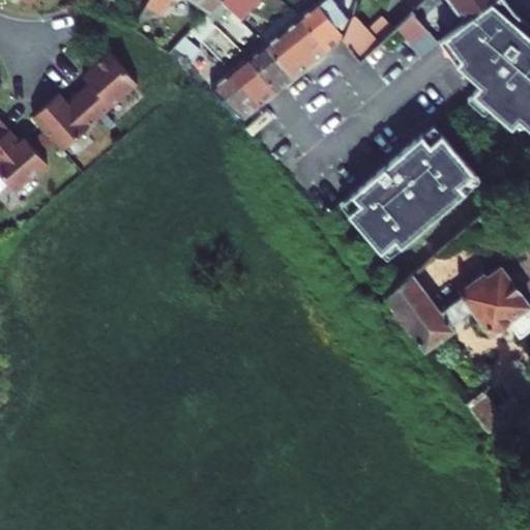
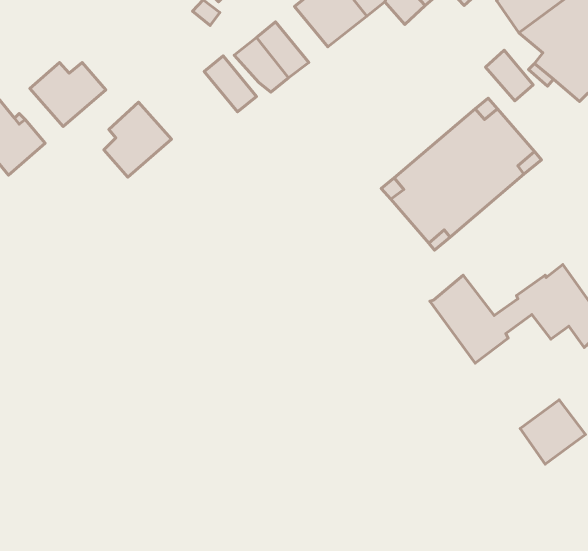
building: [247,45,293,93] -> [204,56,256,112]
building: [79,52,138,117] -> [104,102,172,177]
building: none -> [485,50,533,101]

